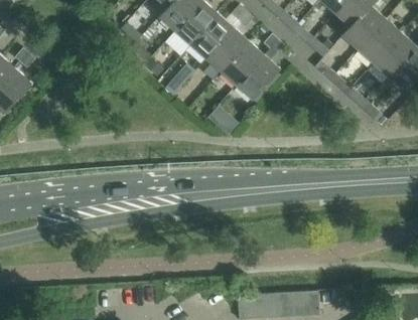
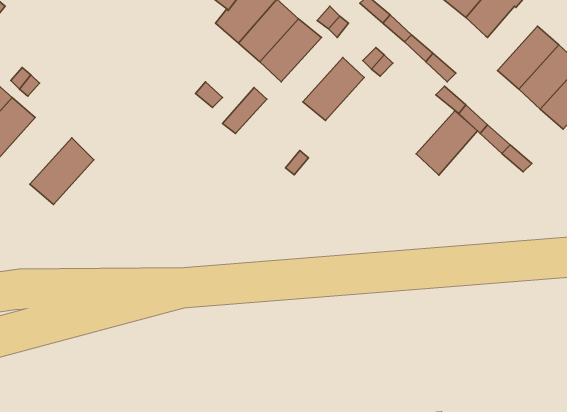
building: [341,5,386,50] -> none
building: [205,27,249,72] -> none
building: [237,55,280,101] -> [416,111,478,175]
building: none -> [30,138,94,205]

